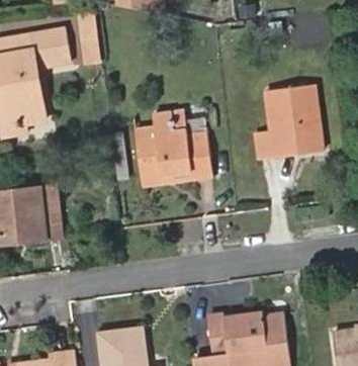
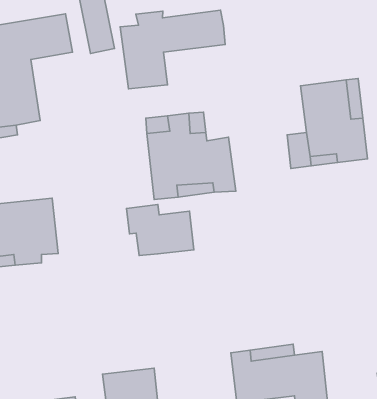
building: none -> [120,10,225,89]
building: none -> [127,205,194,255]

